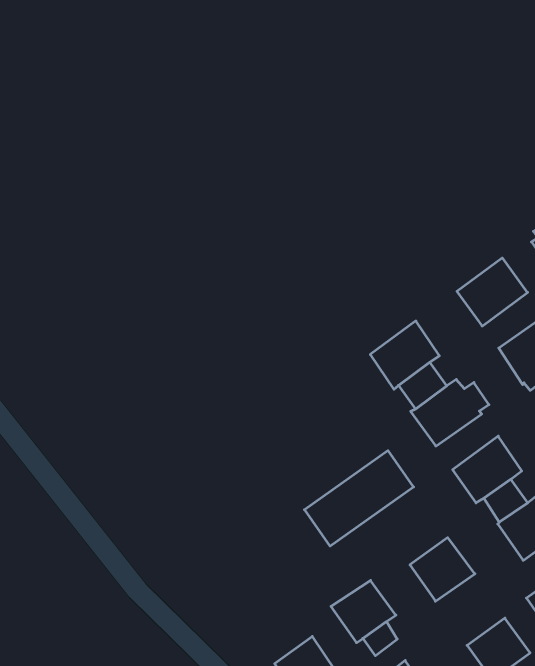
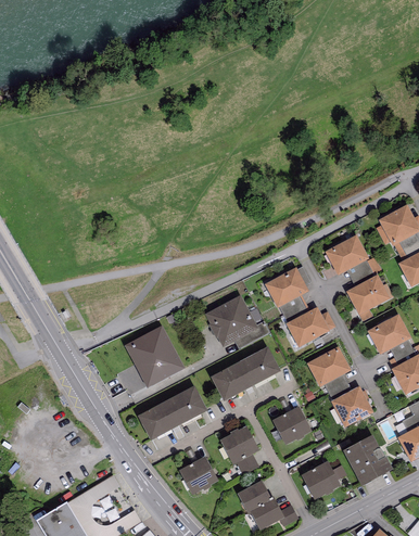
building: none -> [205,295,258,347]
building: none -> [124,324,185,387]
building: none -> [138,385,207,441]

